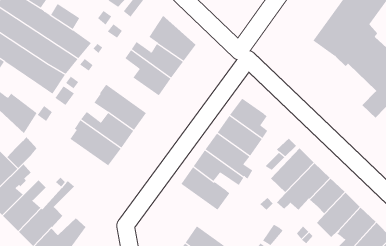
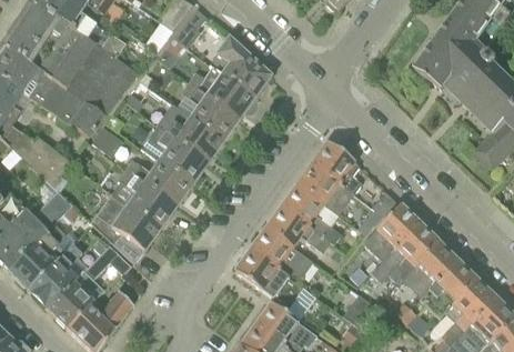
building: none -> [157,101,223,159]
building: none -> [90,191,160,262]
building: none -> [234,248,303,306]

